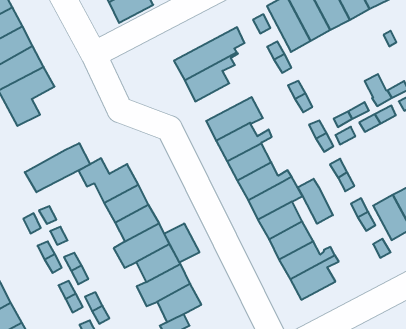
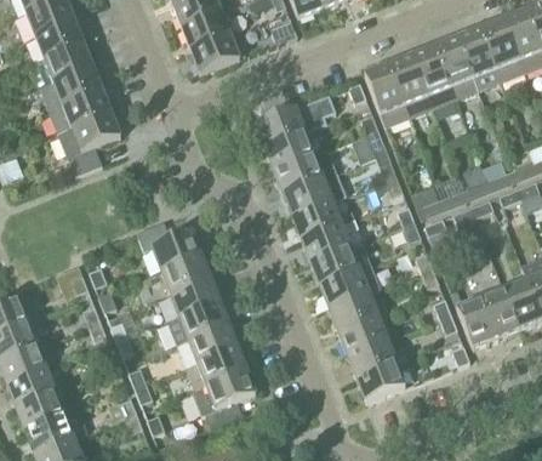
building: none -> [274,149,337,193]
building: [25,143,90,192] -> none
building: [298,179,333,224] -> none
building: [164,223,199,262] -> none

